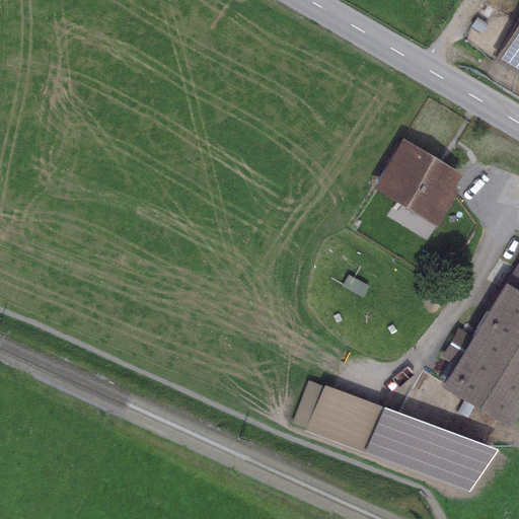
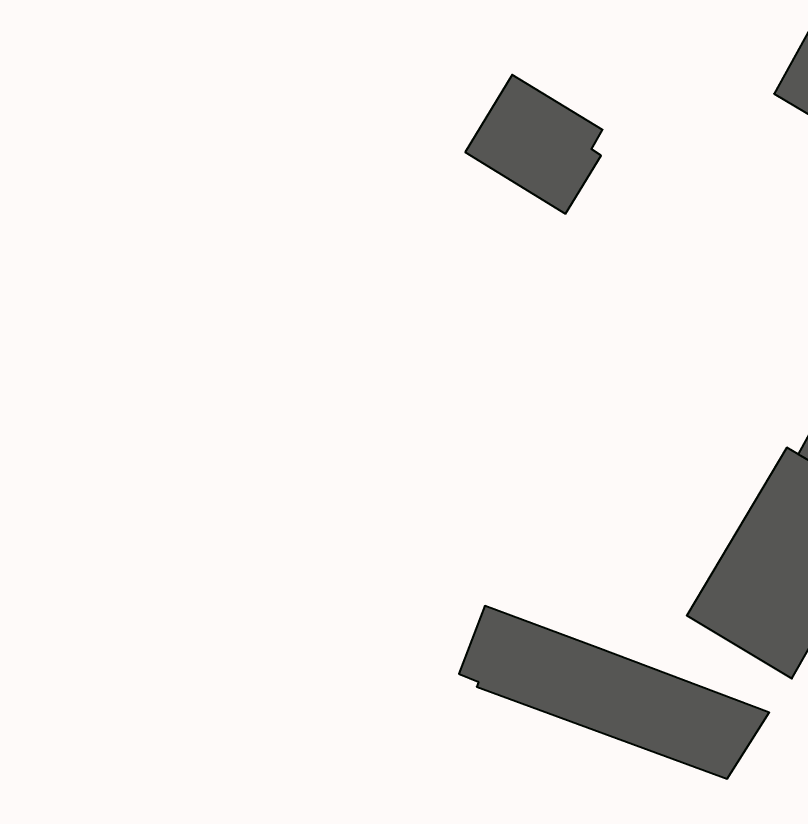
building: [375,139,461,226] -> [465,75,603,214]

